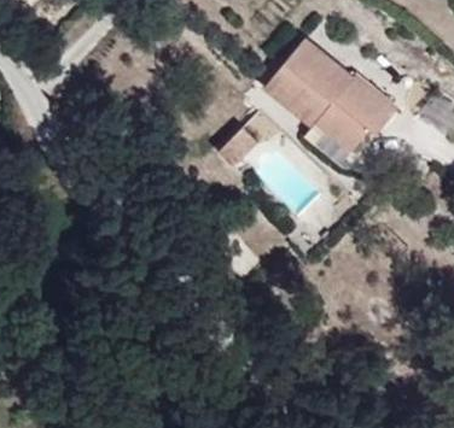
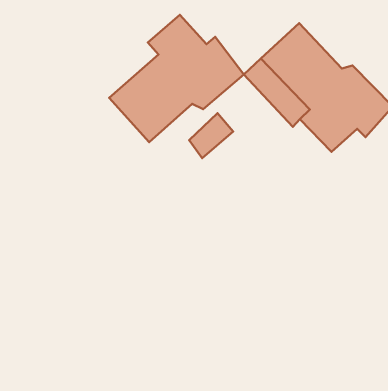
building: none -> [109,15,244,142]

